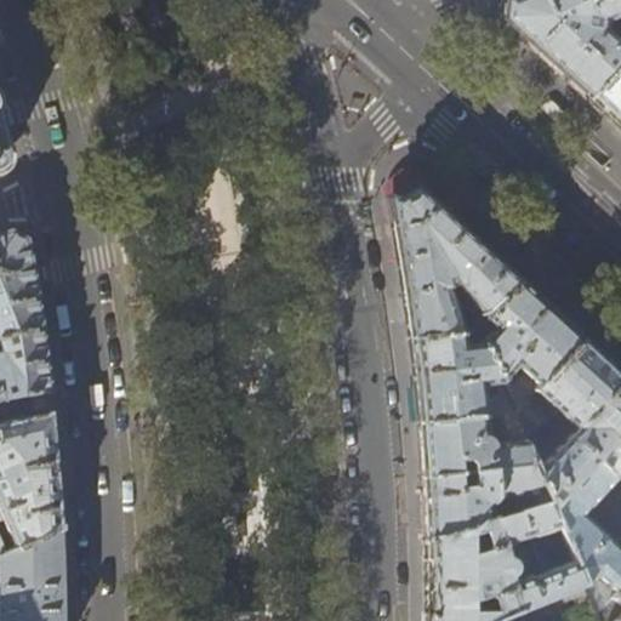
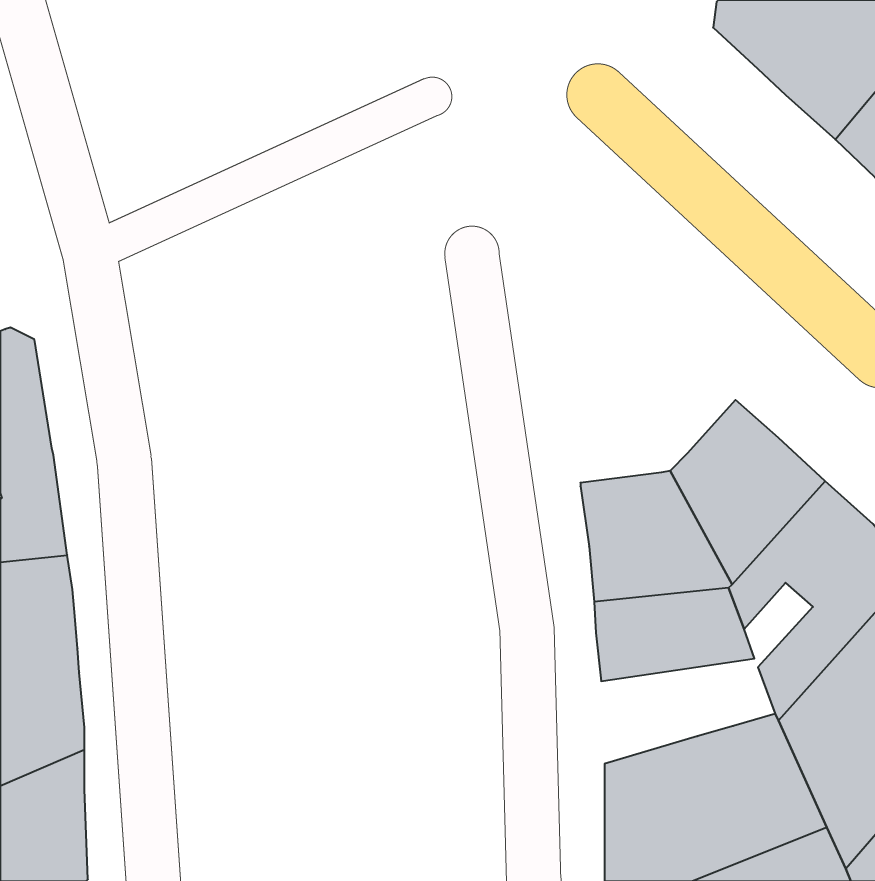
building: [392,186,522,340] -> none
building: [427,463,549,537] -> none

